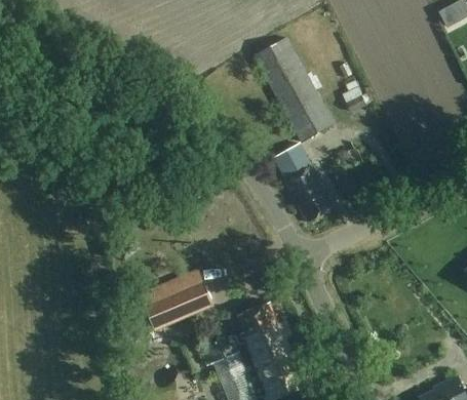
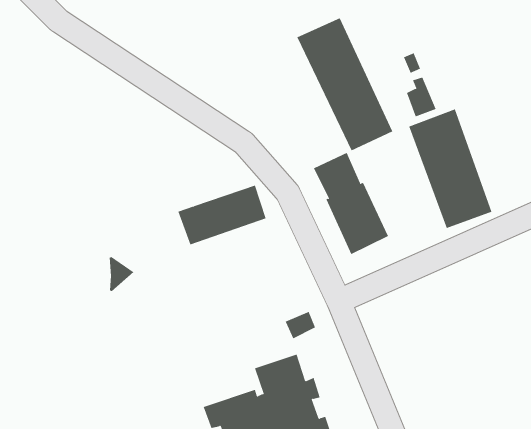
building: none -> [409,108,492,229]
building: [144,278,213,328] -> [178,185,267,245]

